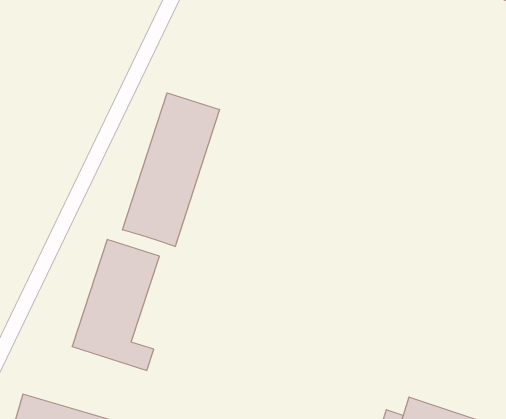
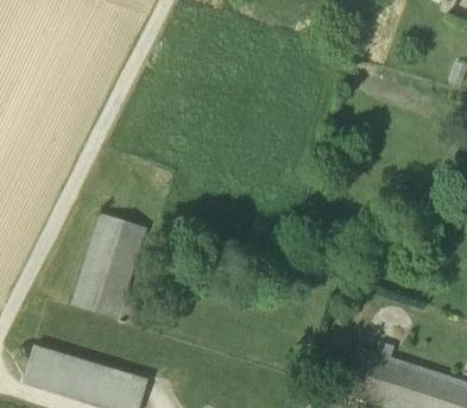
building: [123,93,220,247] -> none

